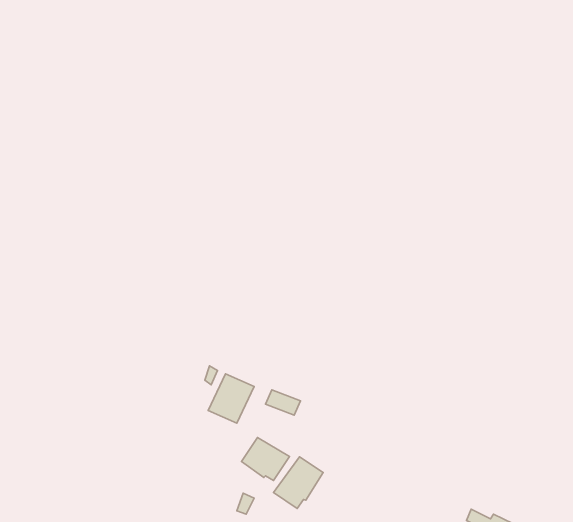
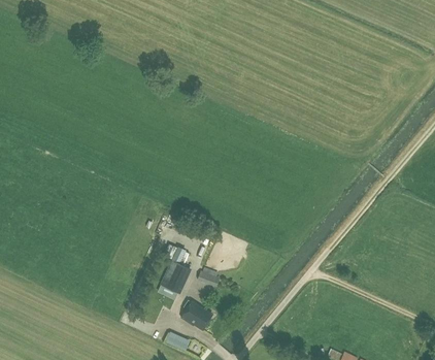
building: [273,457,323,508] -> none

